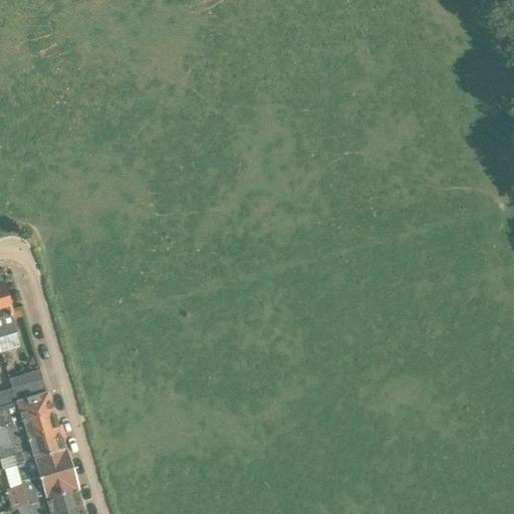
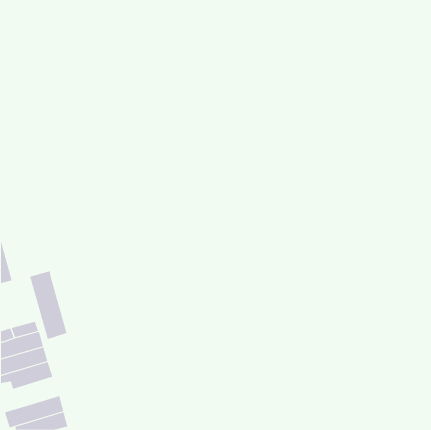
building: none -> [30,271,67,340]
building: [15,448,71,485] -> none

